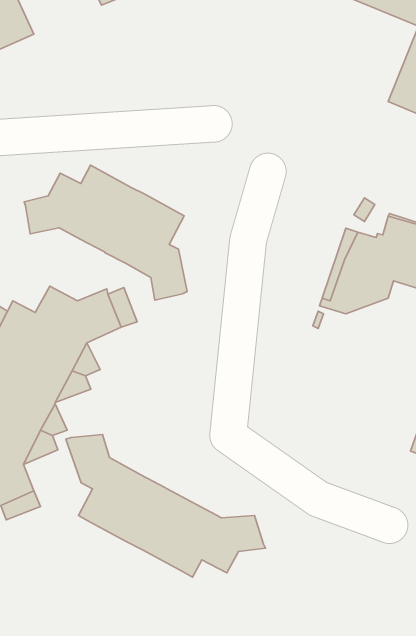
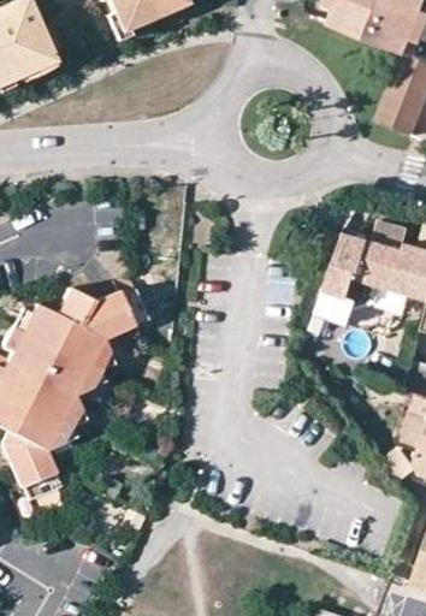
building: [24,165,187,300] -> none
building: [66,435,265,577] -> none

